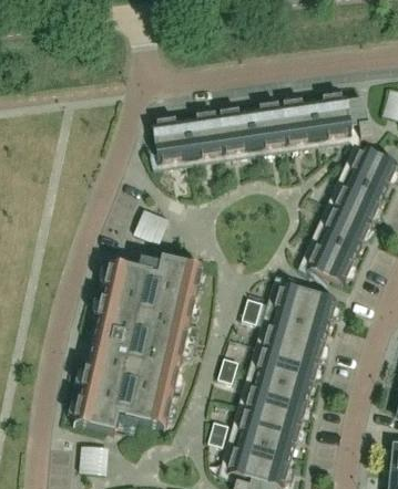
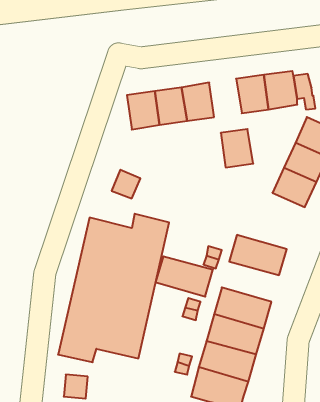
building: [247,105,285,149] -> [221,129,253,167]
building: [307,237,358,284] -> none
building: [262,316,328,363] -> [156,256,213,297]

